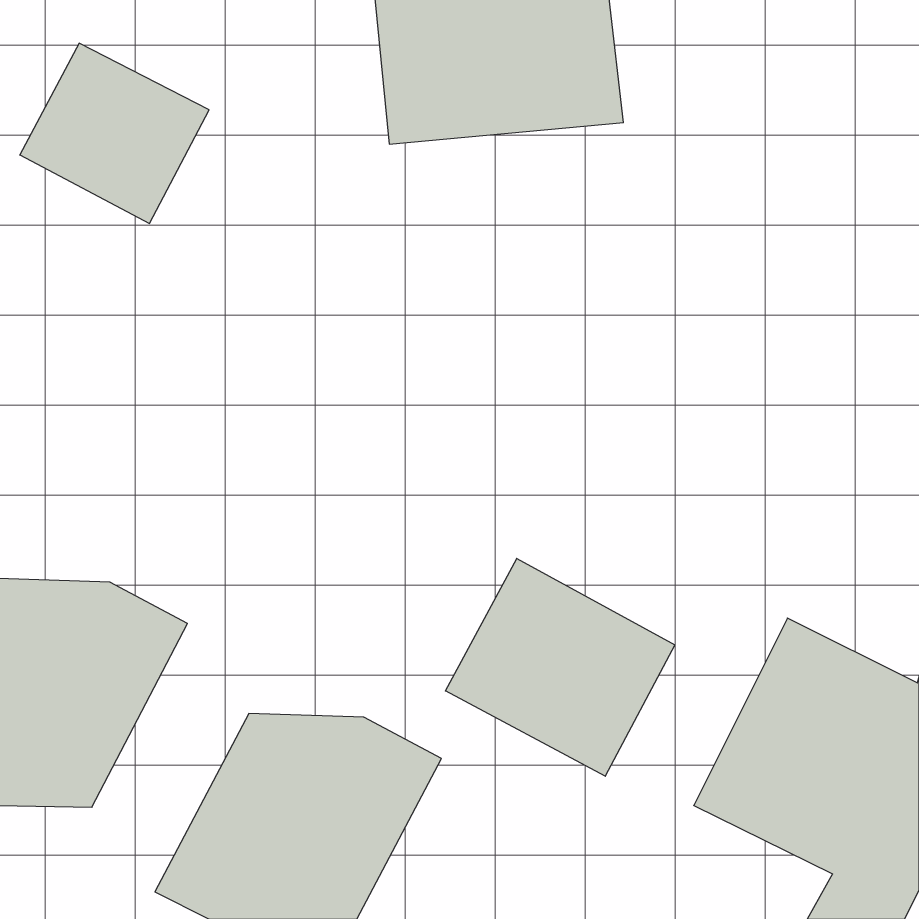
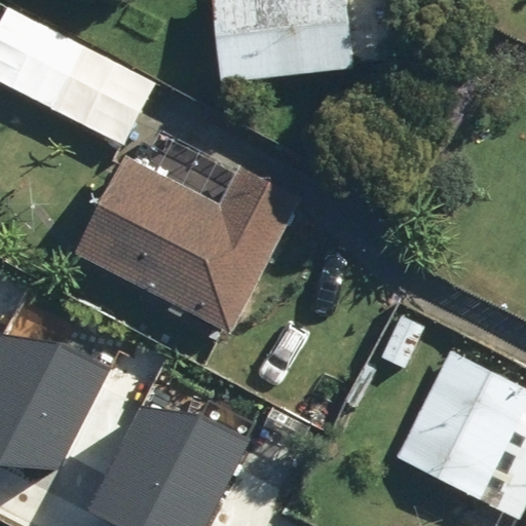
building: none -> [79,157,303,334]
building: [445,558,675,776] -> none

